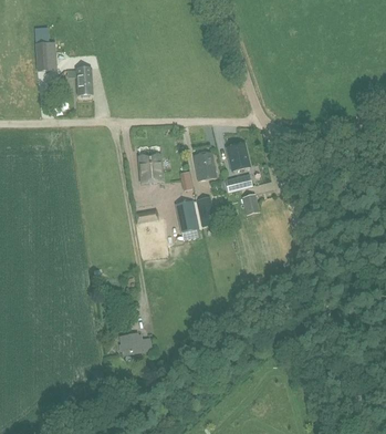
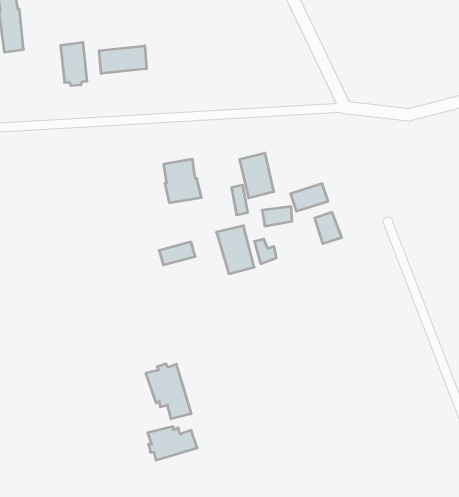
building: none -> [99,46,146,74]
building: [226,143,249,170] -> none
building: none -> [146,364,191,419]

